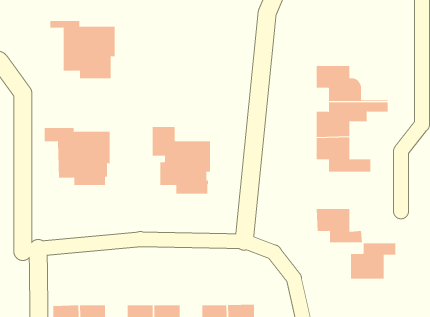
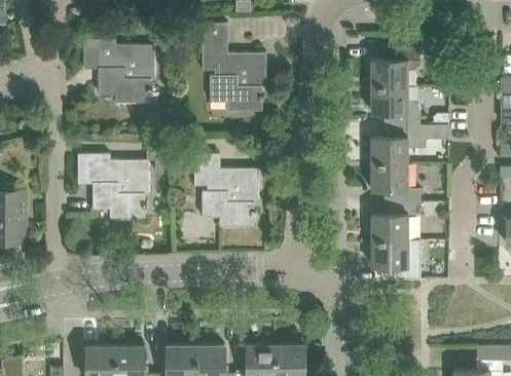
building: none -> [202,23,265,110]
building: none -> [370,47,419,87]
building: [350,243,396,279] -> [370,202,419,241]

